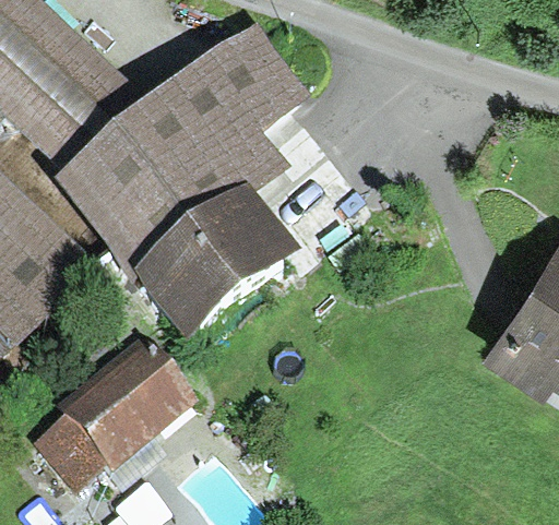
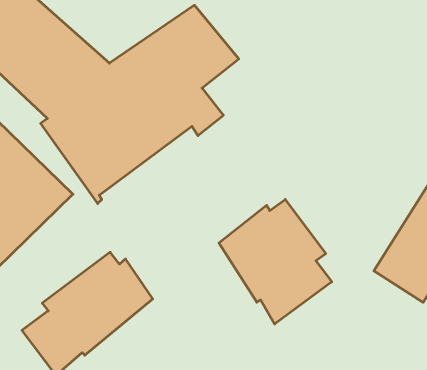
building: [130,177,305,339] -> none
building: none -> [219,199,332,324]

